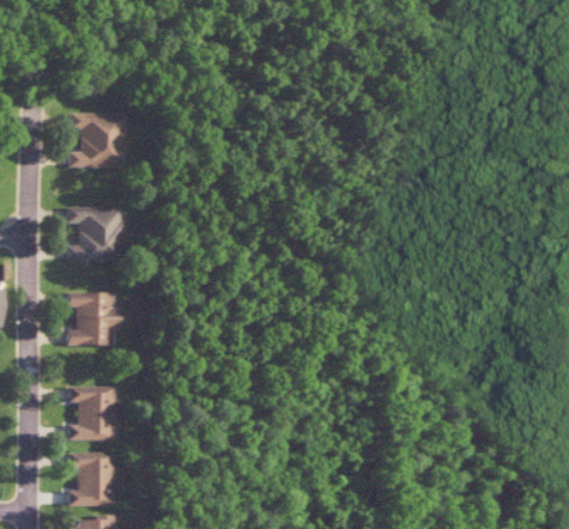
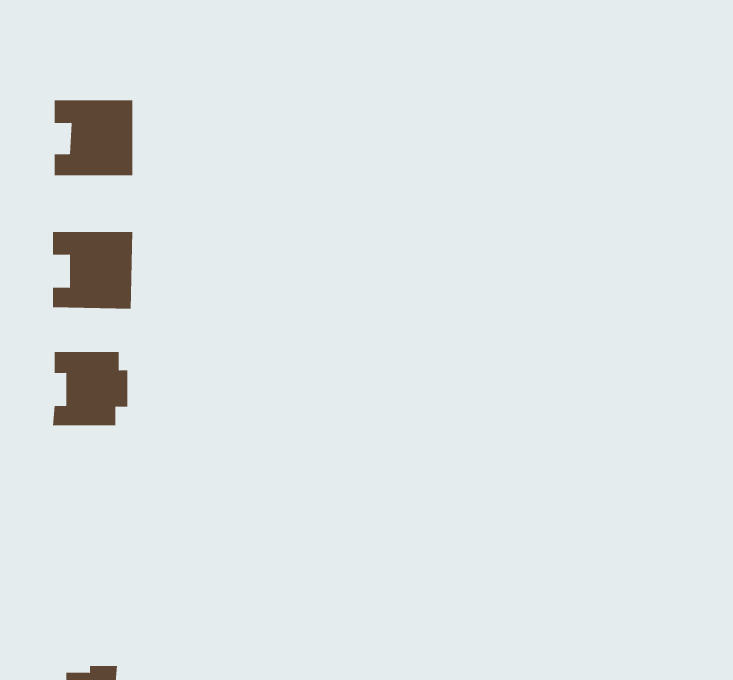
building: [65,387,116,440] -> none
building: [65,452,111,506] -> none

